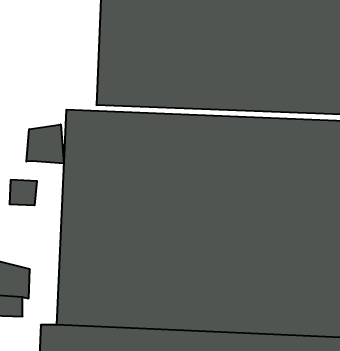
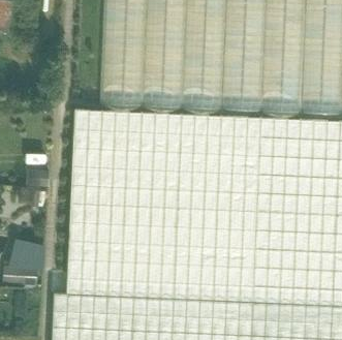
building: [26,124,64,163] -> none

